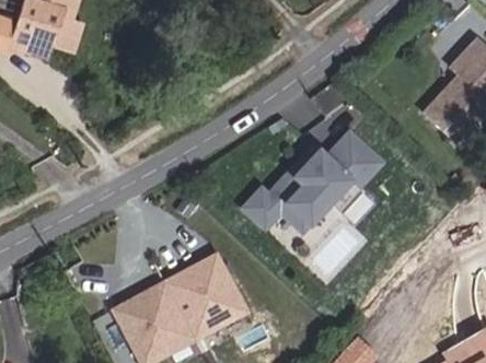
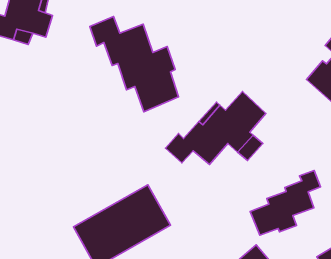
building: none -> [90,17,179,112]
building: none -> [250,171,320,235]

